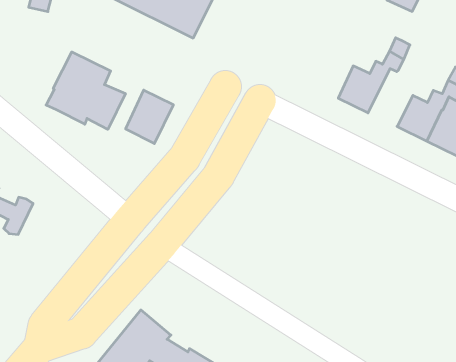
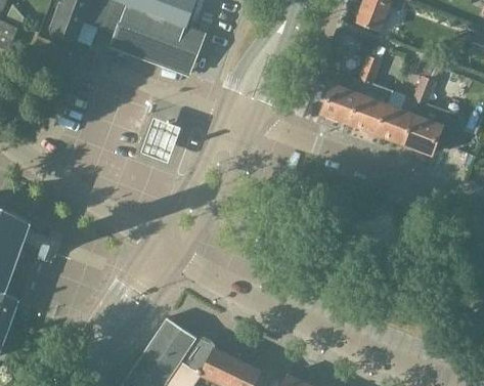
building: [46,52,125,129] -> none
building: none -> [349,84,391,134]

